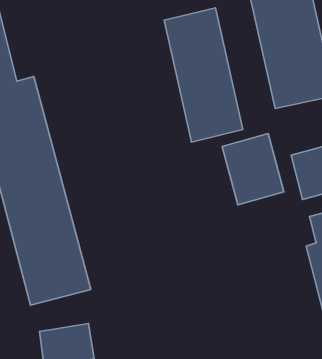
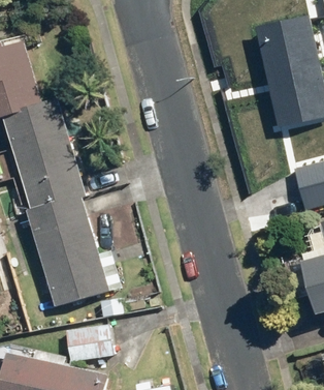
building: [164,8,243,142] -> none
building: [222,133,284,205] -> none

